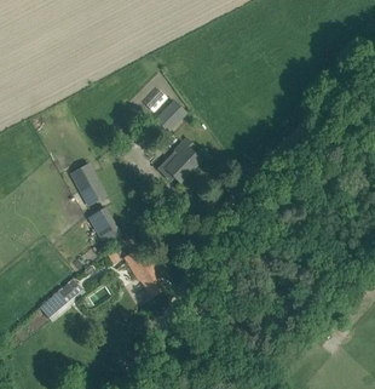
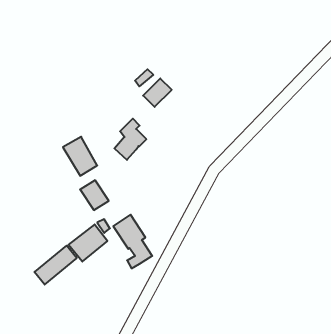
building: [167,137,201,181] -> [114,119,146,160]
building: none -> [69,224,107,262]

